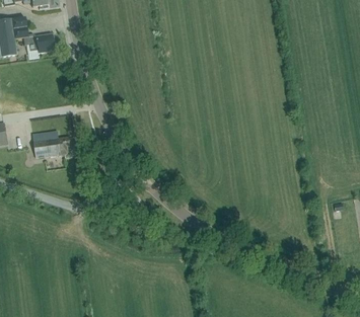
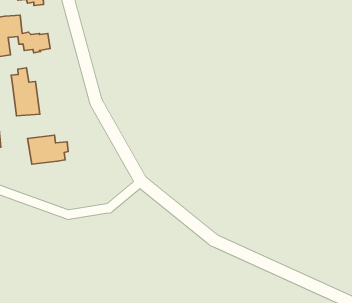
building: none -> [11,68,40,116]

